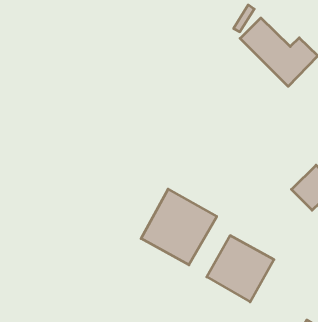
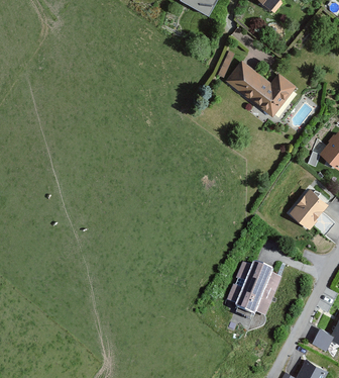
building: [141,189,217,265] -> none

